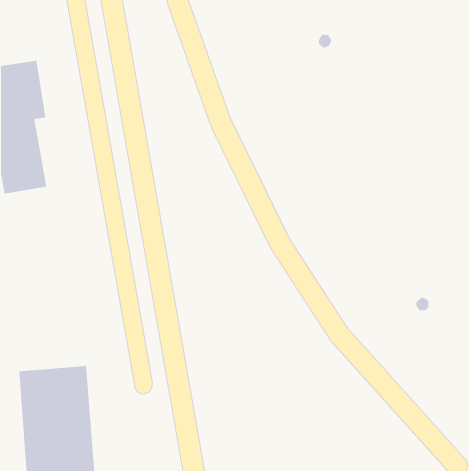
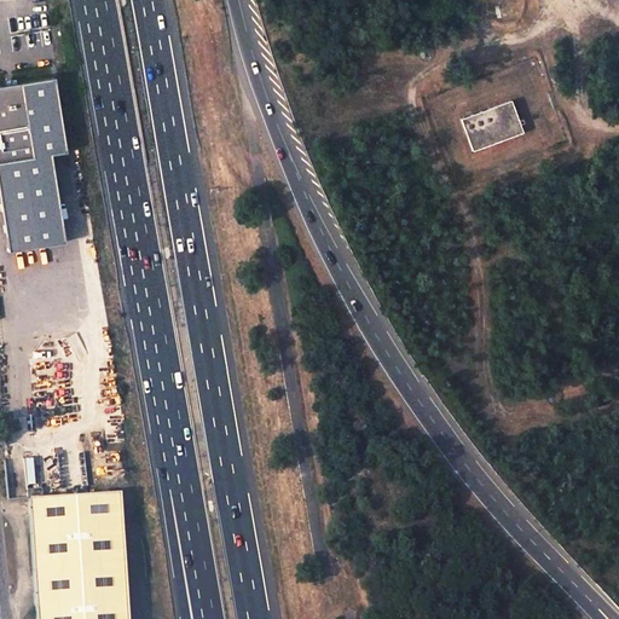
building: none -> [464,102,526,152]

